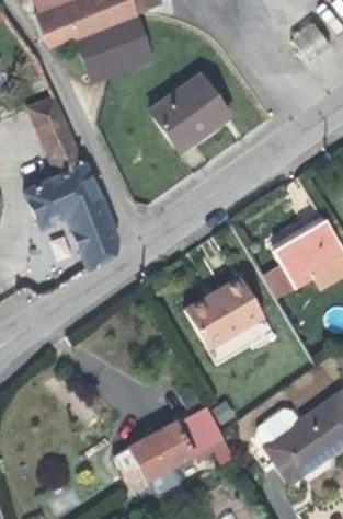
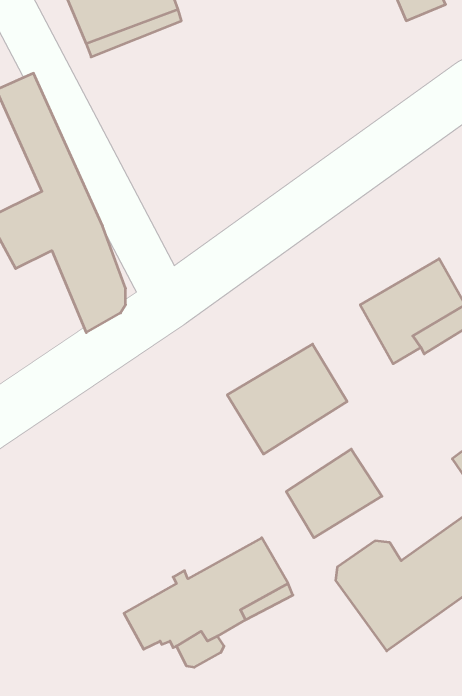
building: [149,74,230,149] -> none
building: none -> [286,449,382,538]

